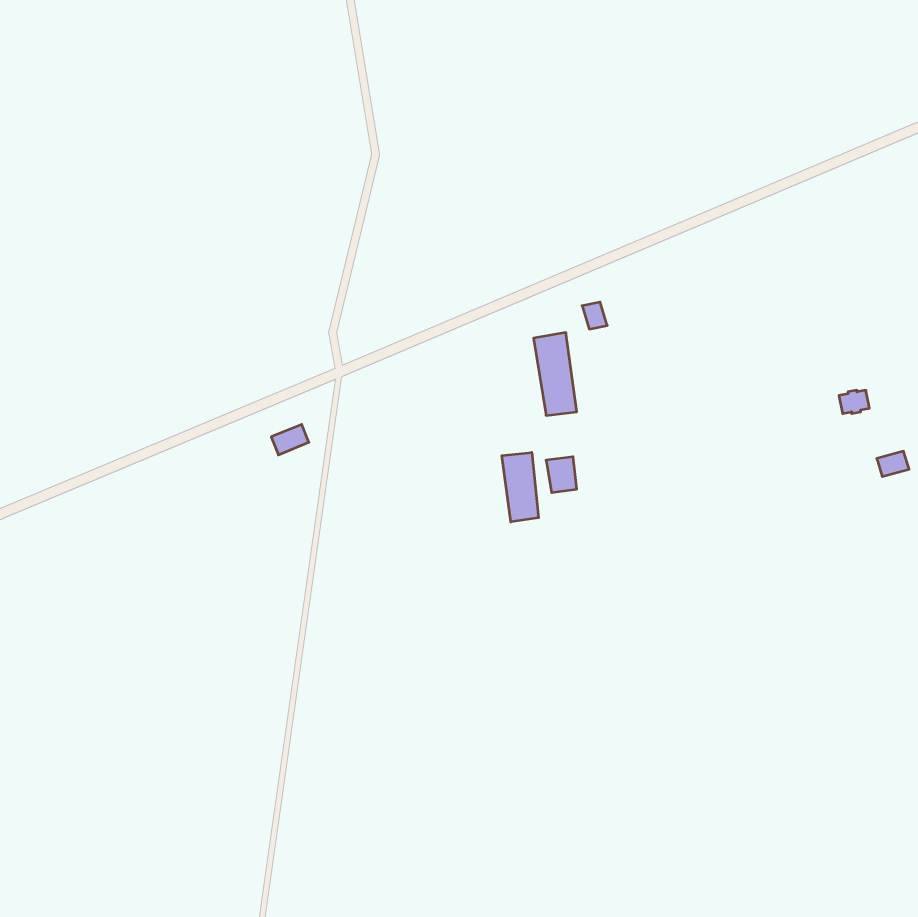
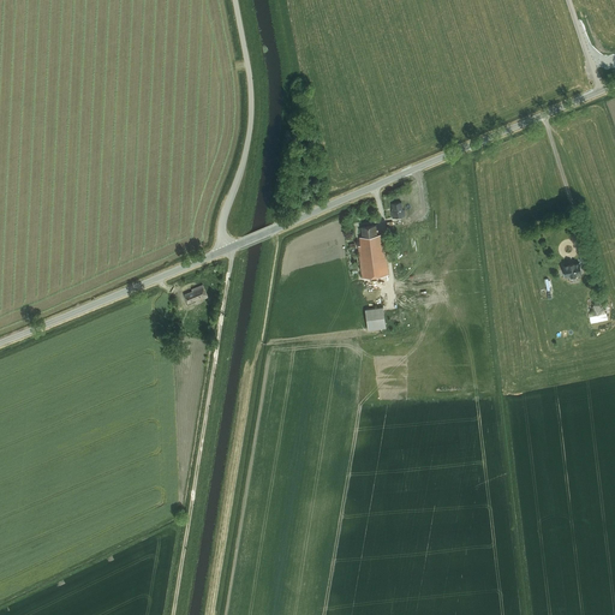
building: [502,452,539,522] -> none

